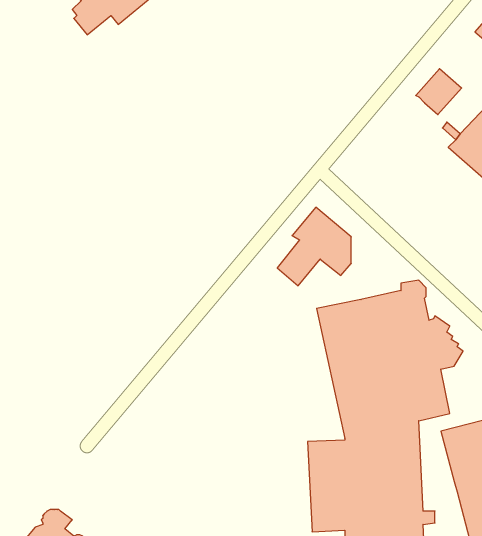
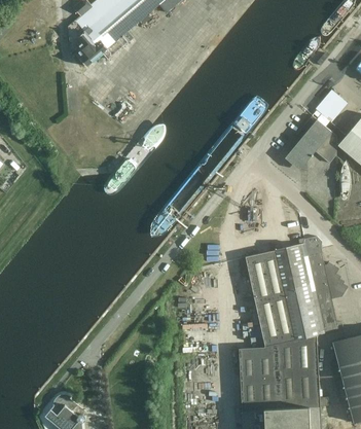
building: [277,207,351,286] -> [285,115,336,170]

